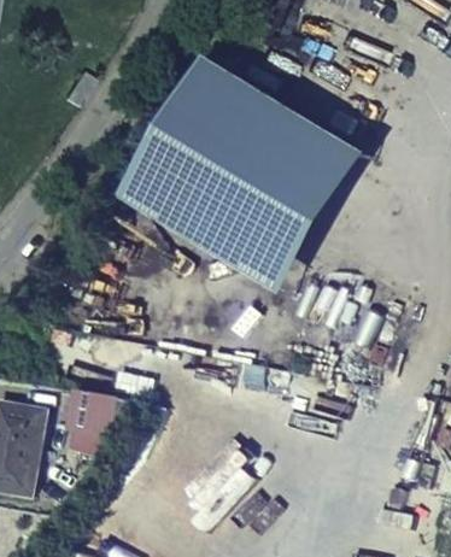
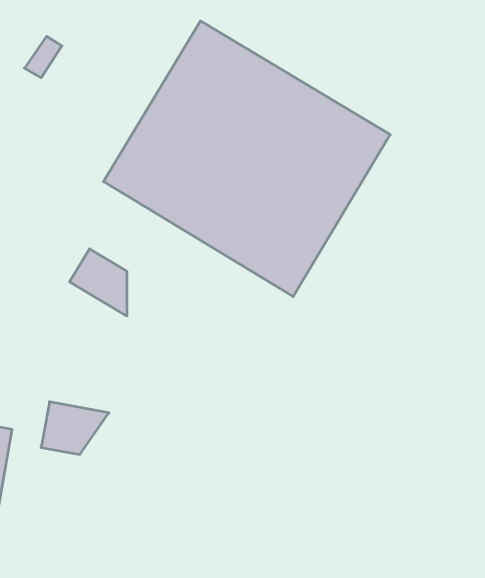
building: none -> [70,249,127,316]

